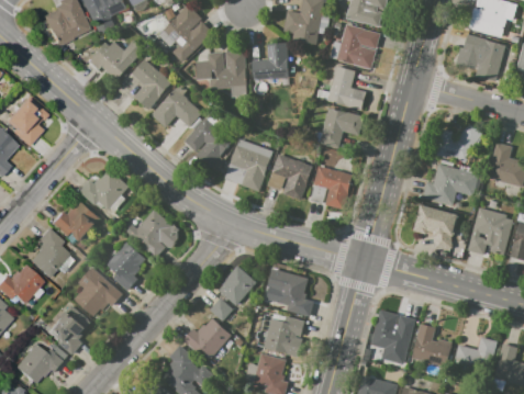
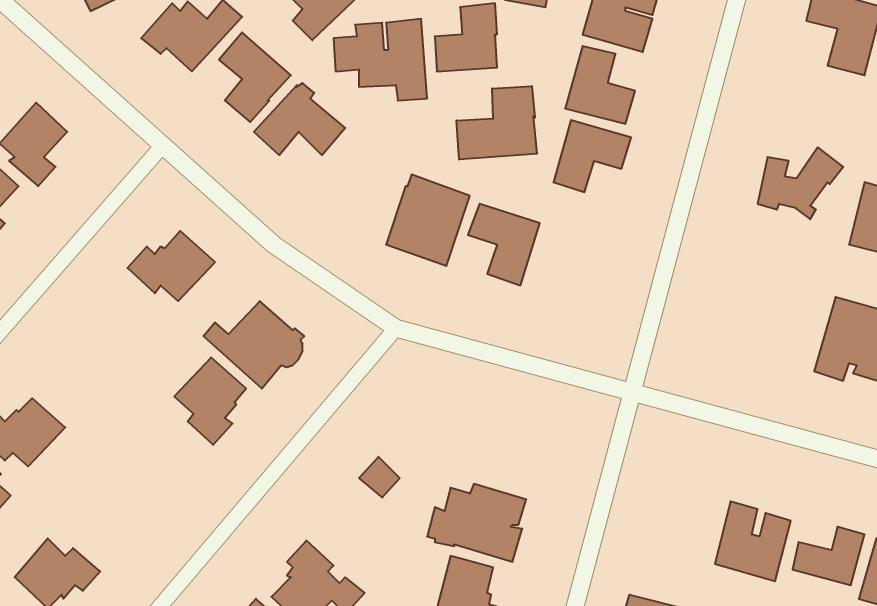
building: none -> [457,86,537,160]
building: [185,117,233,165] -> none
building: [422,164,477,205] -> none
building: [313,166,353,210] -> none
building: [52,200,100,240] -> none
building: [413,204,457,251] -> none
building: [30,228,70,278] -> none
building: [219,264,257,305] -> none
building: [73,267,123,316] -> none
building: [266,268,310,315] -> none
building: [46,304,91,354] -> none
building: [371,311,414,353] -> none
building: [182,318,231,357] -> none

